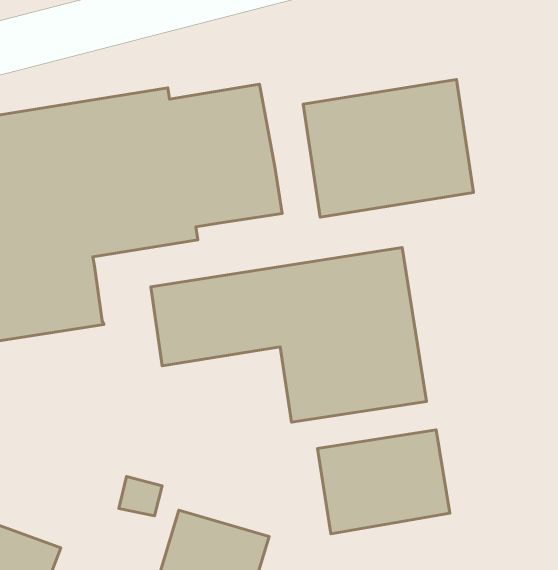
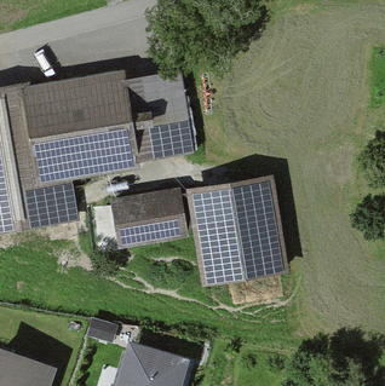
building: [303,80,473,217] -> none
building: [317,430,450,534] -> none

